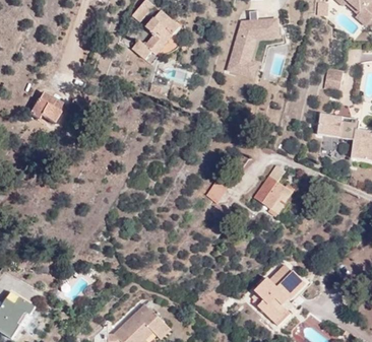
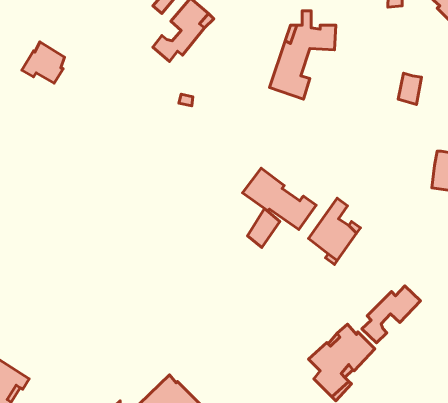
building: [28,89,62,122] -> [22,42,65,83]
building: [317,113,359,139] -> none
building: none -> [243,168,316,229]
building: none -> [362,286,421,343]

